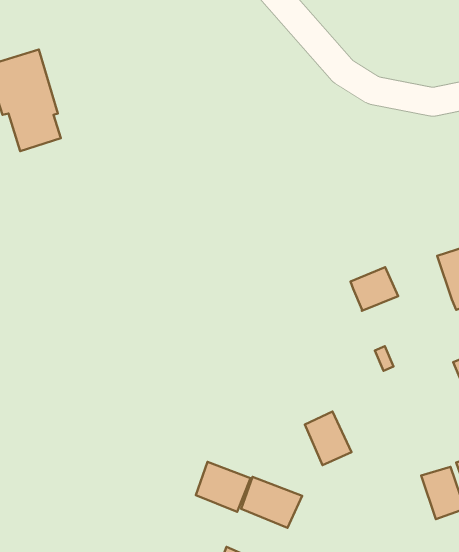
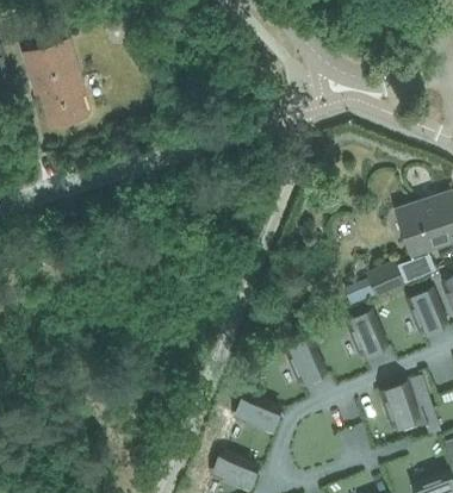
building: [350,267,398,311] -> [366,261,405,297]
building: none -> [347,312,385,356]
building: [196,462,251,512] -> none

